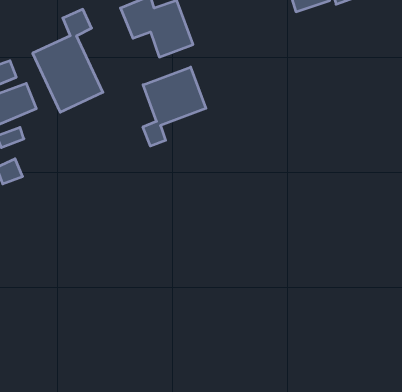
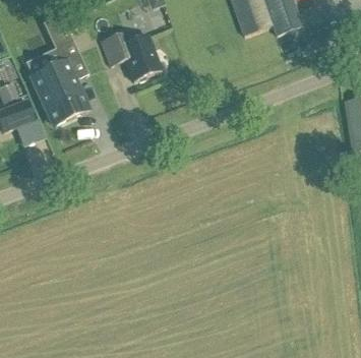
building: [143,67,206,146] -> none

